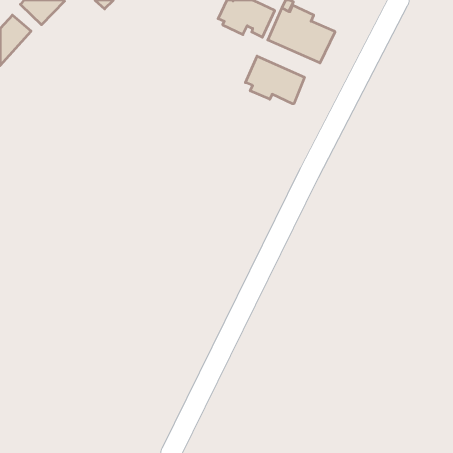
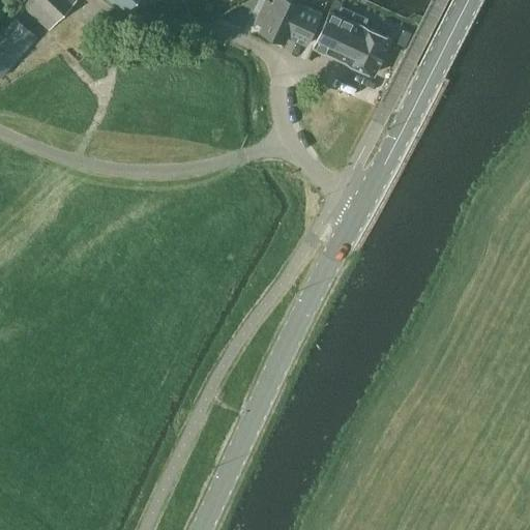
building: [245,56,304,104] -> none

